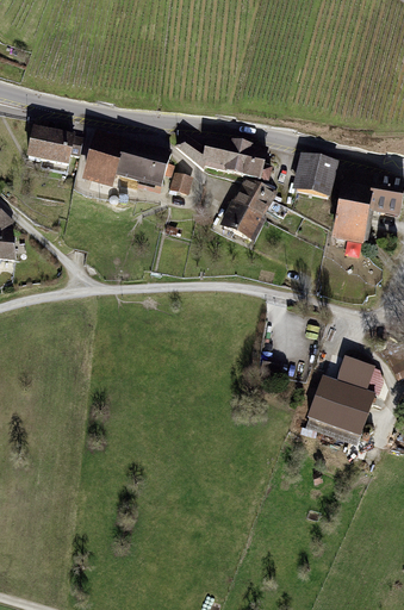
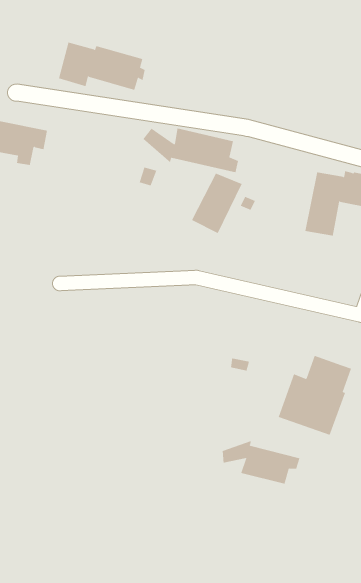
building: [86,138,172,186] -> [58,42,146,91]
building: [296,155,335,198] -> none
building: none -> [222,440,300,485]

